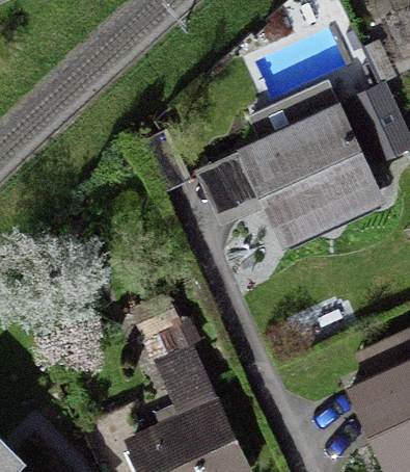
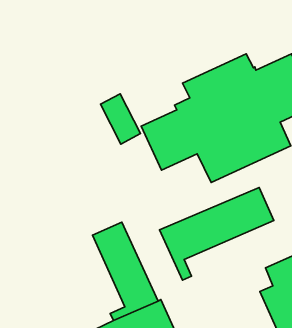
building: none -> [160,187,274,280]

